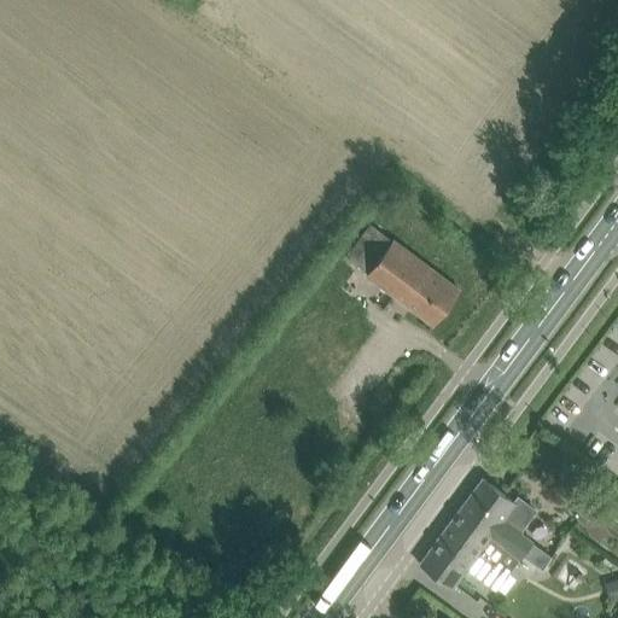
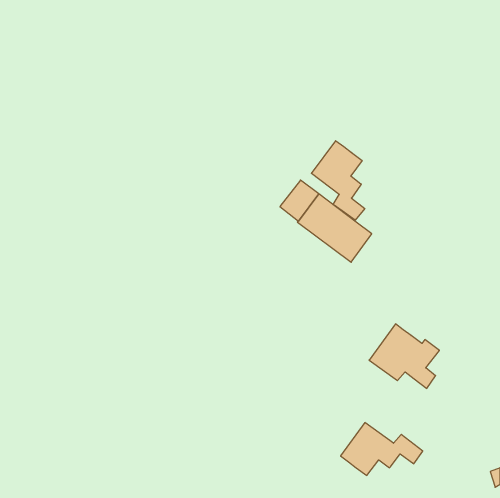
building: none -> [311,141,365,220]
building: [450,479,537,559] -> [369,324,439,388]

